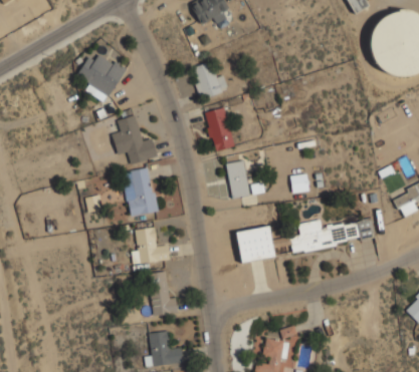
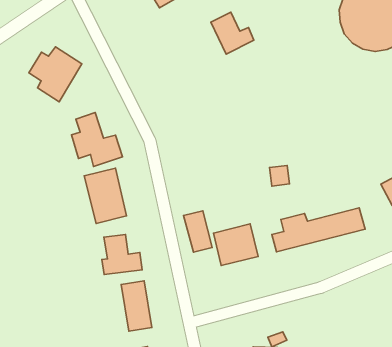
building: [190,61,228,99] -> [211,12,254,54]
building: [204,106,235,151] -> none
building: [226,160,250,198] -> [183,211,212,252]

